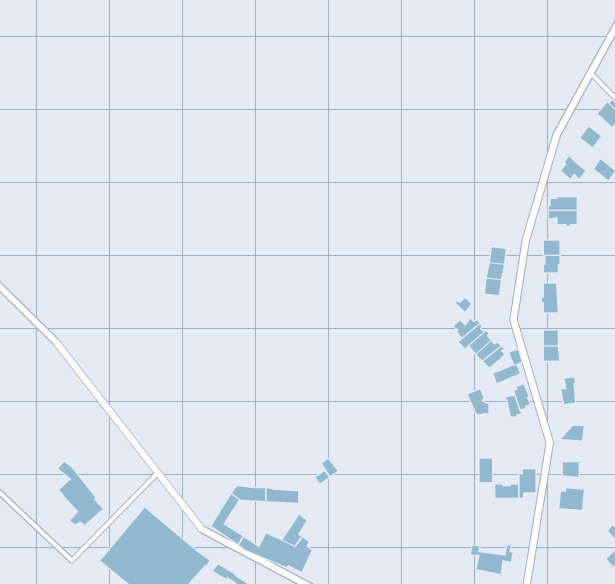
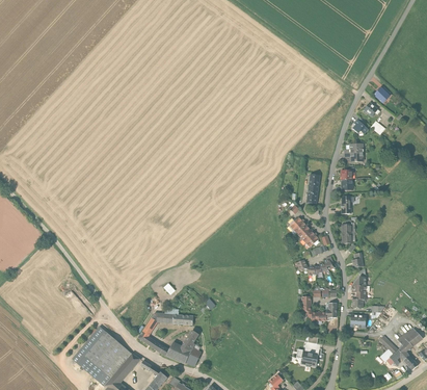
building: [57,461,104,526] -> none

